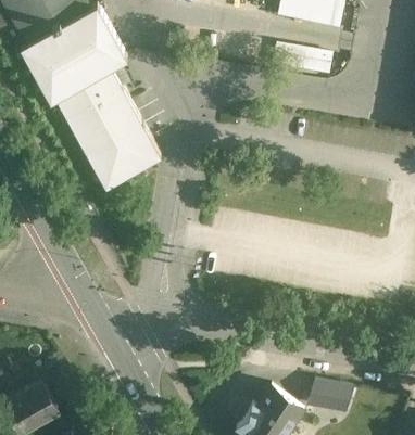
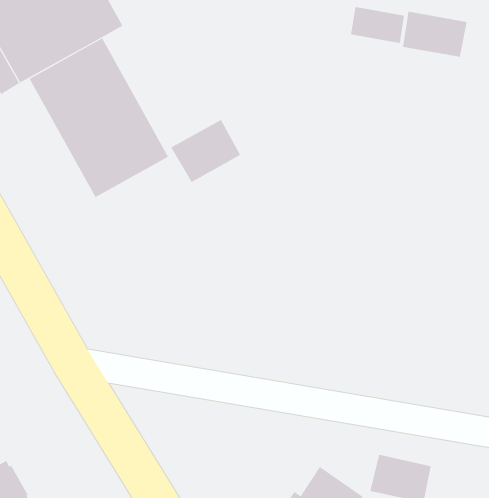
building: none -> [403,11,467,57]
building: none -> [171,119,241,183]

